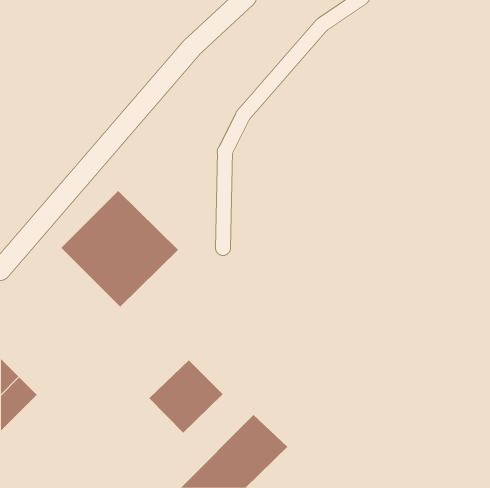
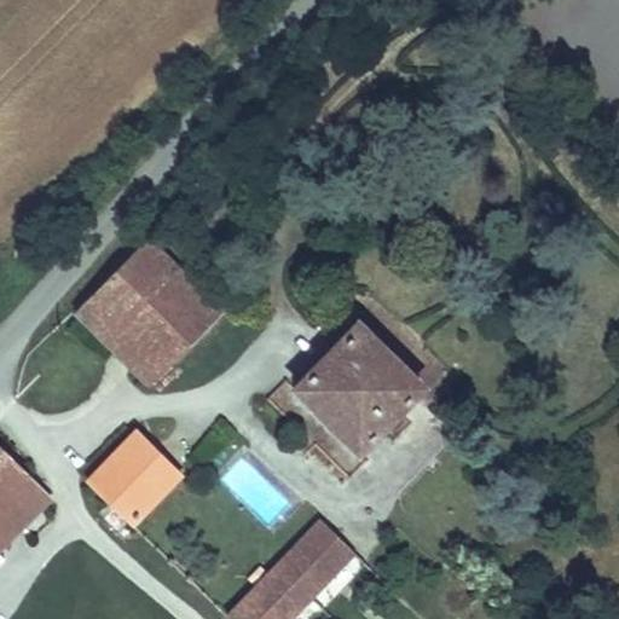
building: none -> [291,325,417,451]
building: [149,360,223,434] -> [85,429,179,522]

